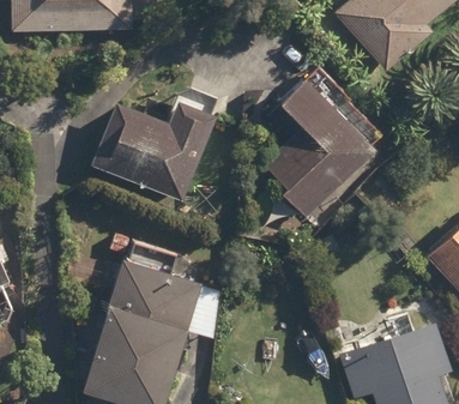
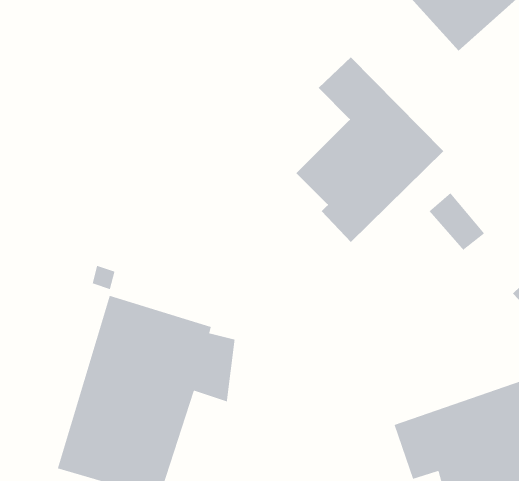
building: [91,91,218,200] -> none

